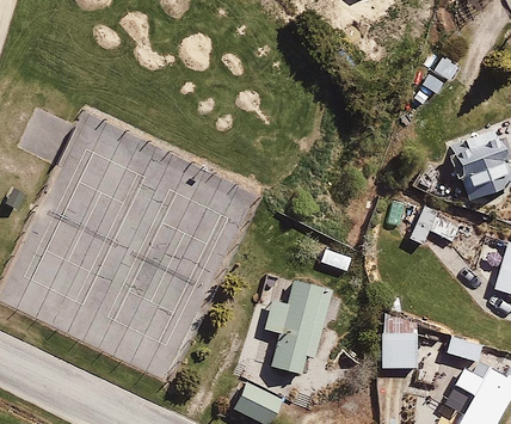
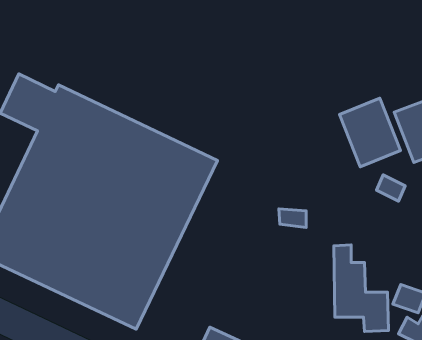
building: none -> [340,98,400,167]
building: [266,282,331,376] -> none

